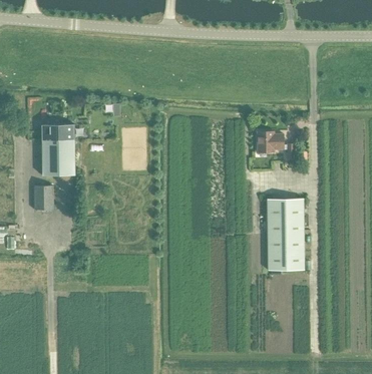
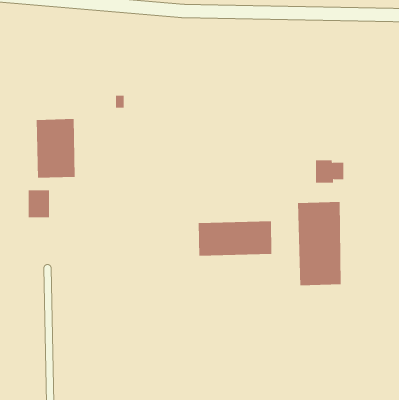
building: [257,129,282,149] -> [315,160,344,183]
building: none -> [198,221,272,256]

